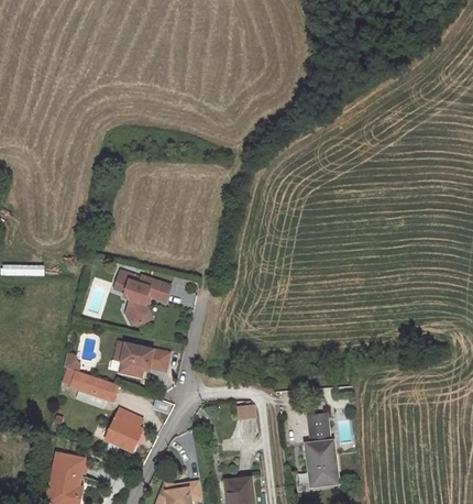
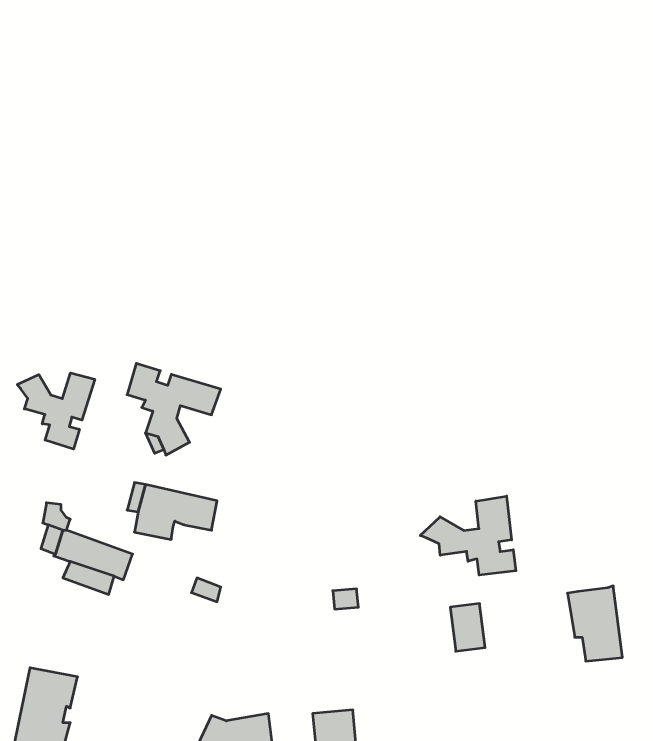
building: none -> [17,373,95,449]
building: none -> [420,496,516,575]
building: [106,409,142,451] -> none
building: [305,440,338,485] -> [567,586,622,661]

